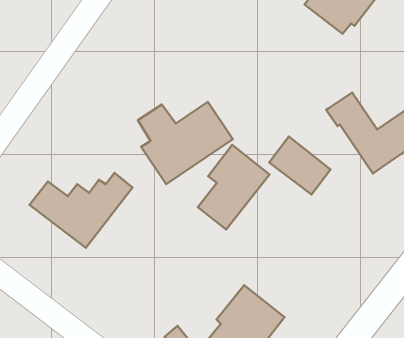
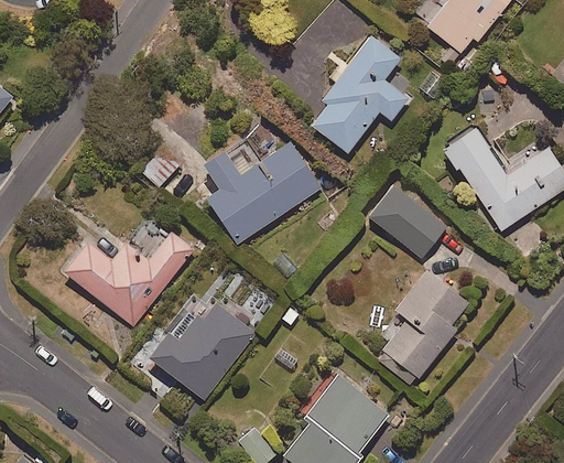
building: none -> [312,35,410,153]
building: [198,145,269,230] -> [382,271,474,379]
building: none -> [149,294,258,400]

